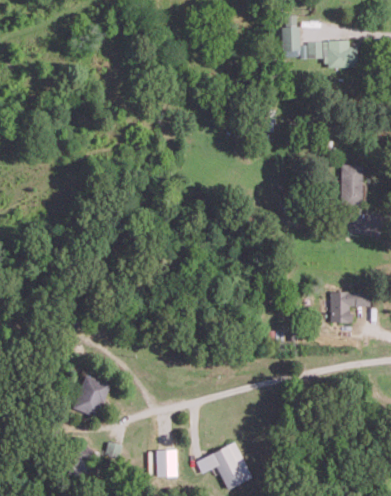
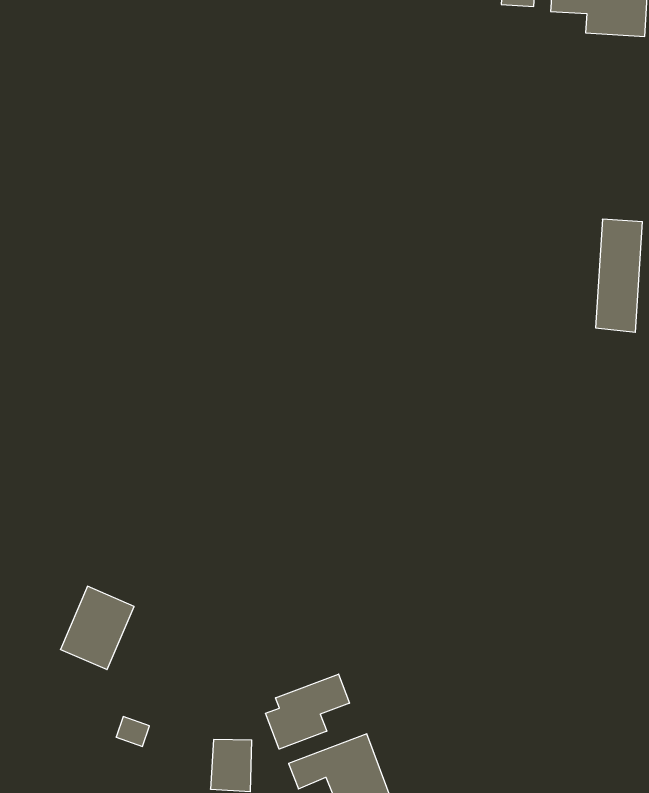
building: [329,293,369,323] -> none
building: none -> [266,674,349,749]

